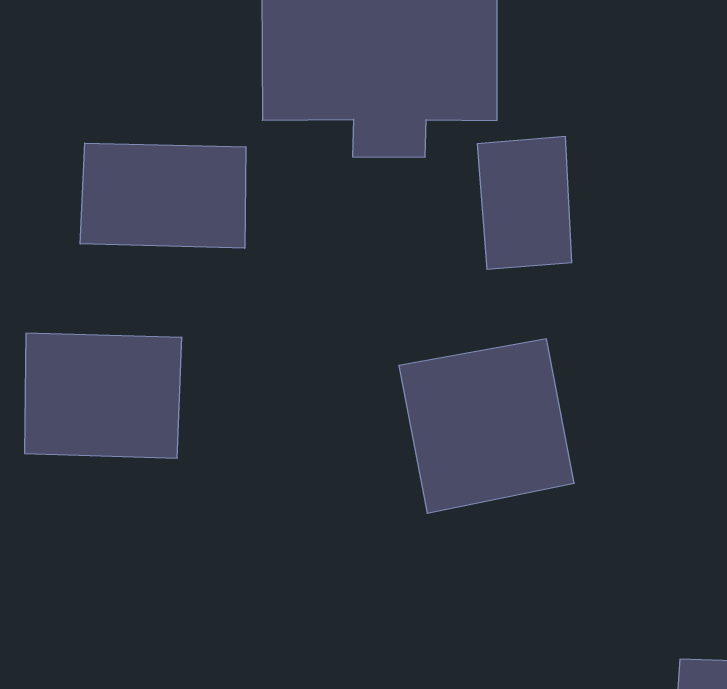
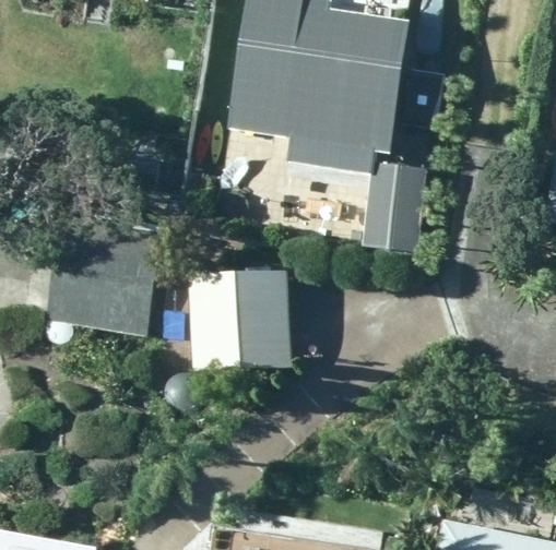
building: [80,143,246,248] -> none
building: [399,339,574,513] -> [188,270,289,370]

